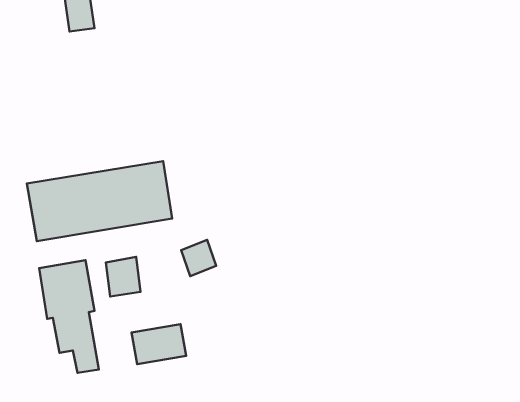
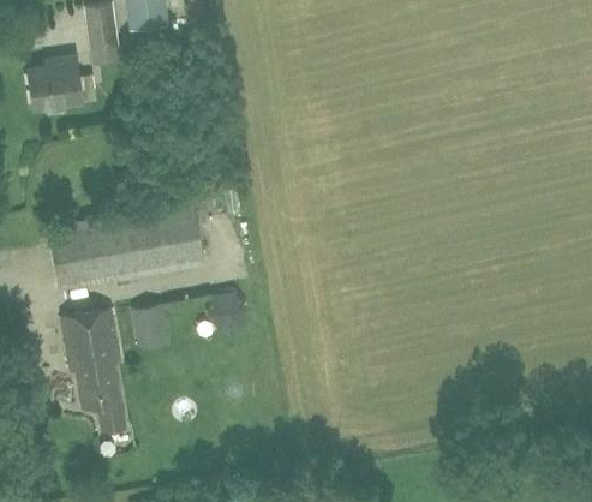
building: none -> [28,56,97,109]
building: [132,324,186,364] -> none

